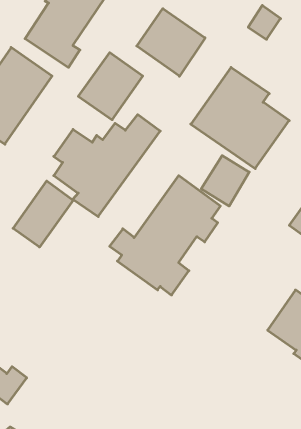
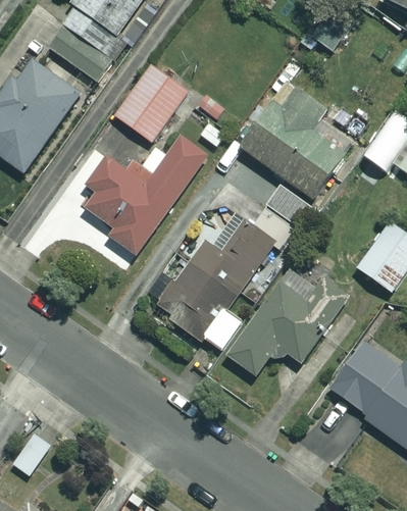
building: [137,9,205,76] -> none
building: [13,181,73,247] -> none
building: none -> [226,266,336,376]

